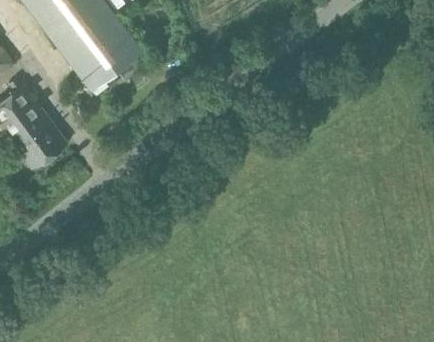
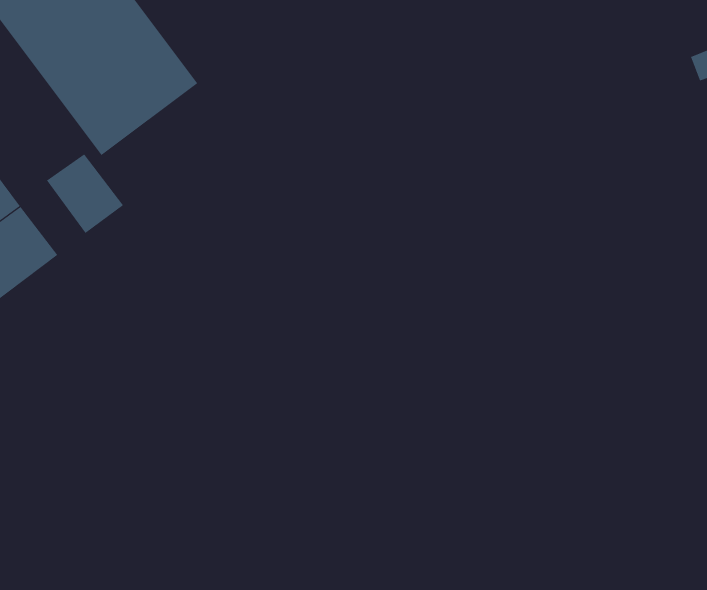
building: none -> [46,153,124,234]

